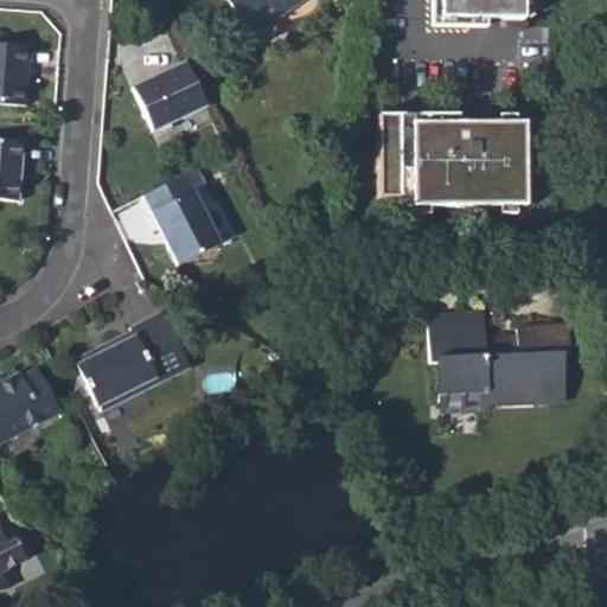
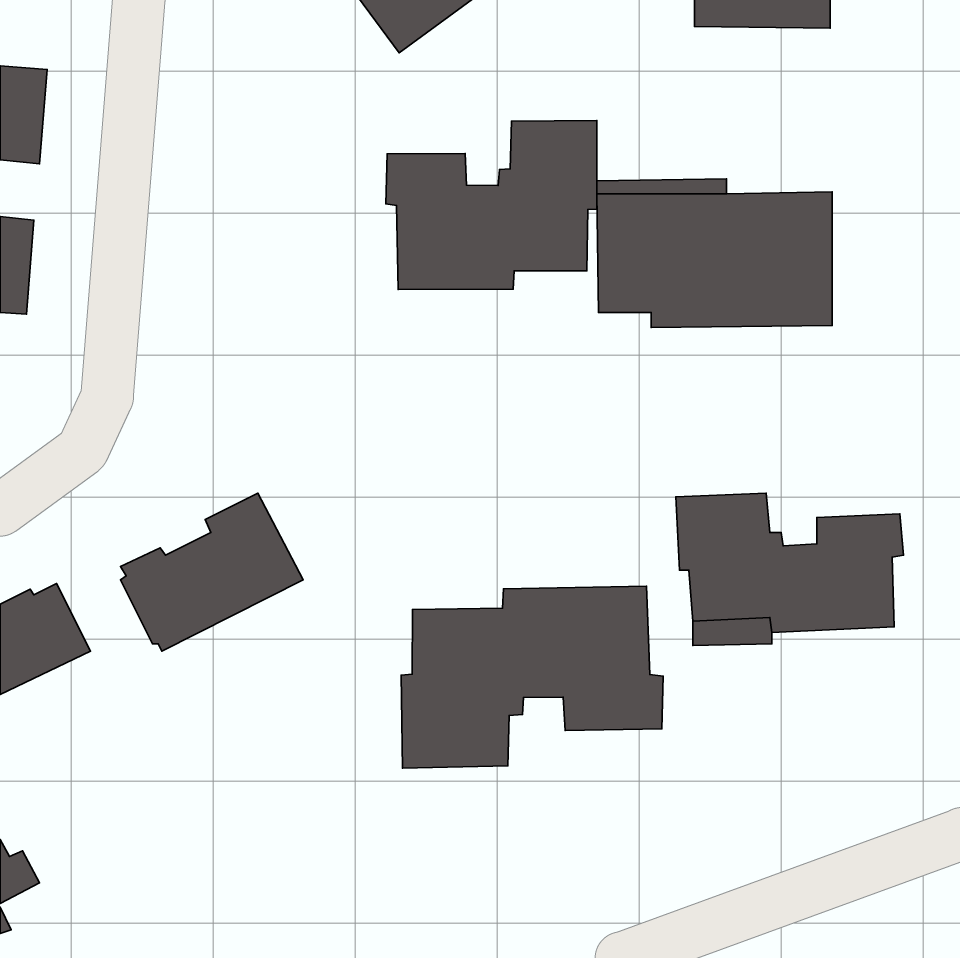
building: [133,60,206,127] -> none
building: none -> [386,120,597,289]
building: [143,166,222,262] -> none
building: none -> [401,586,663,768]

